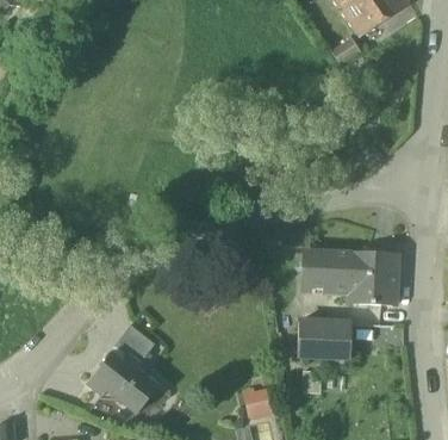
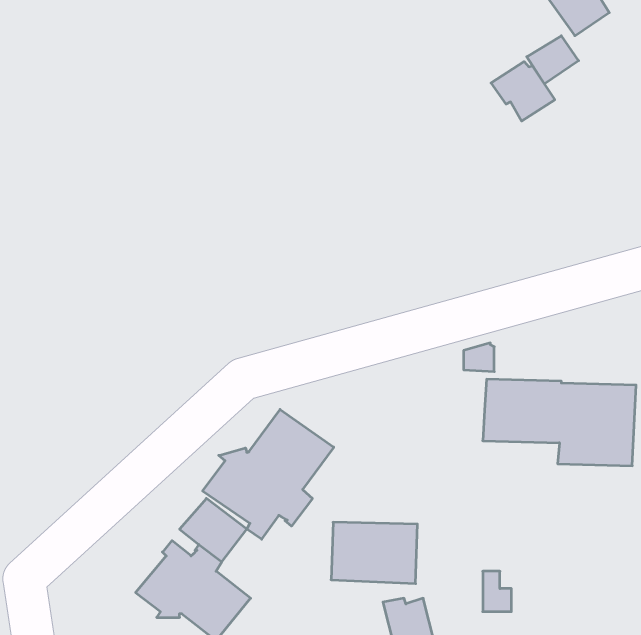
building: none -> [491,62,555,121]
building: none -> [203,409,334,539]
building: [298,322,351,360] -> [331,522,417,584]

